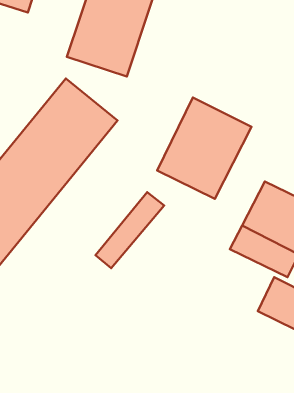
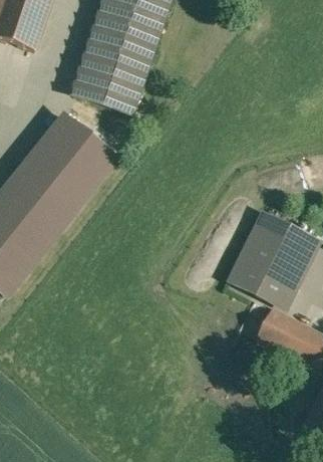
building: [157,98,252,199] -> none
building: [96,192,164,268] -> none

